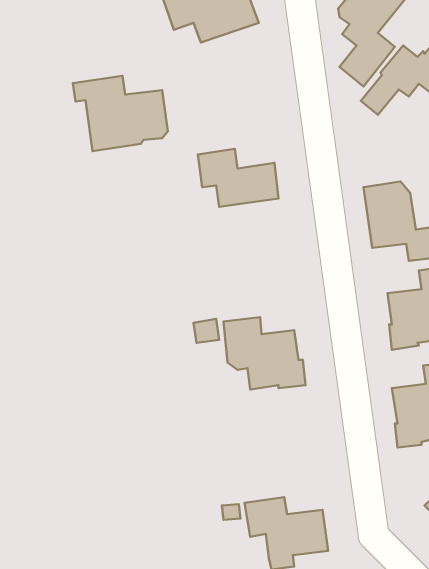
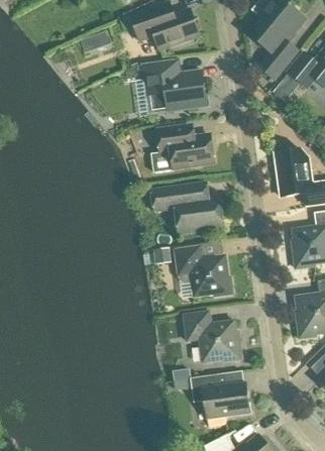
building: [73,76,168,151] -> [138,60,206,113]
building: none -> [150,181,224,234]
building: none -> [184,311,242,361]

